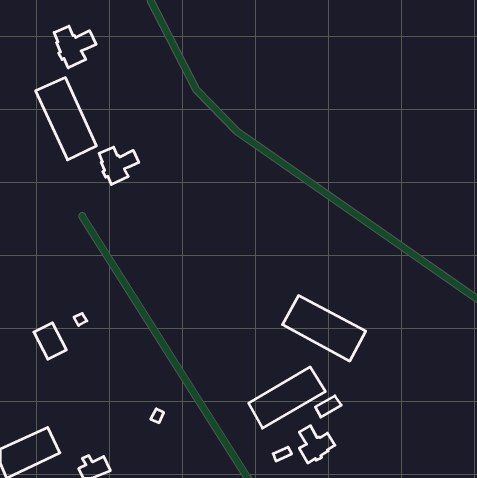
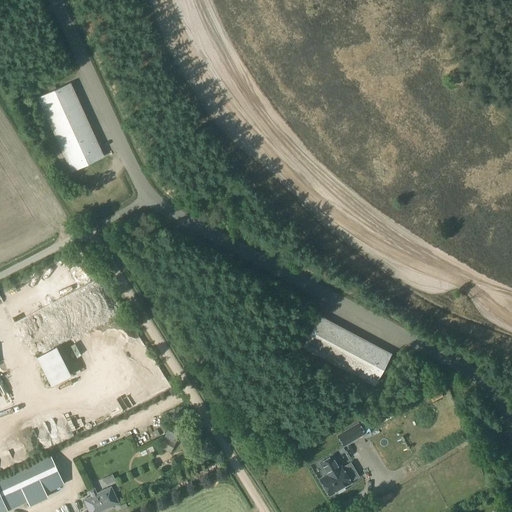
building: [54,26,96,68] -> none
building: [99,147,139,185] -> none
building: [249,367,325,428] -> none

